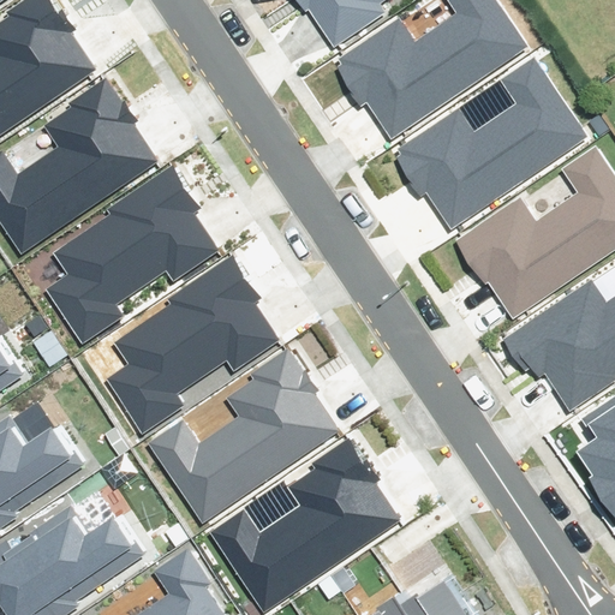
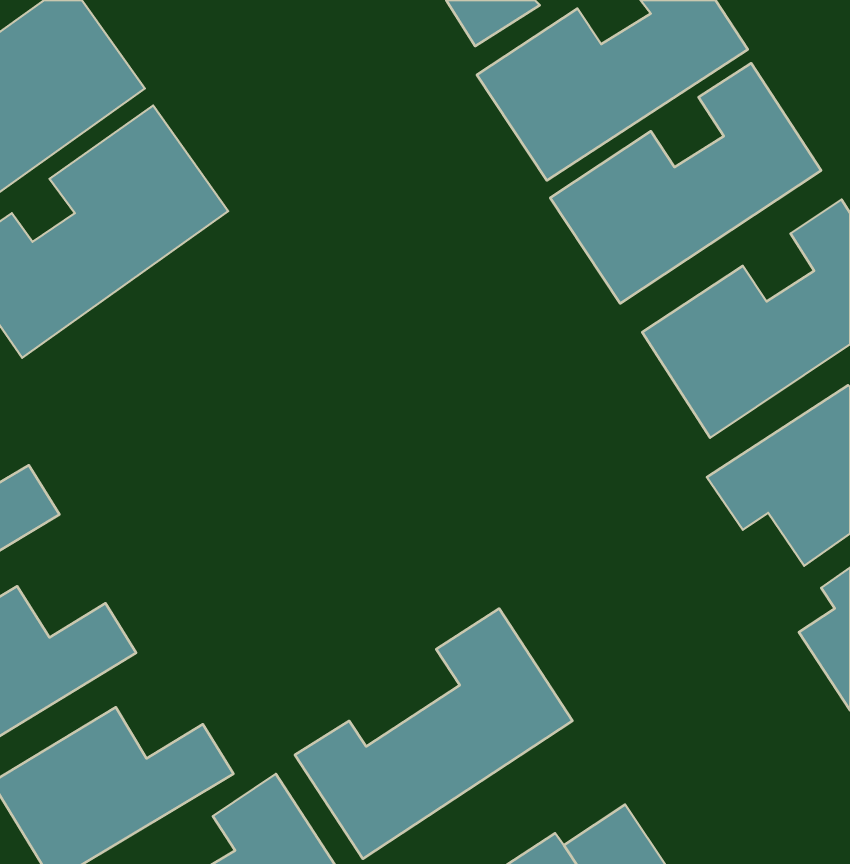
building: [38,167,217,342] -> none
building: [106,261,283,437] -> none
building: [150,348,346,525] -> none

